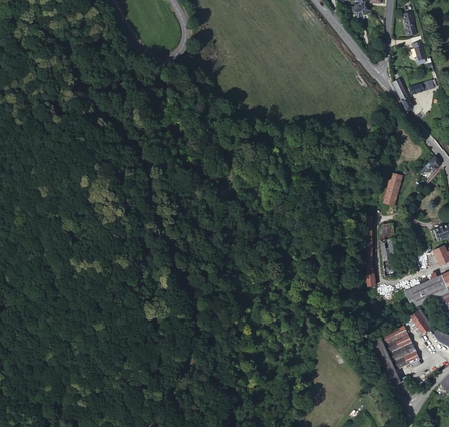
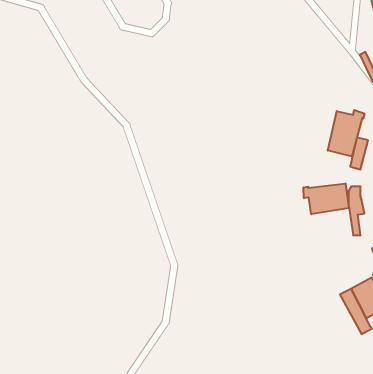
building: none -> [328,110,364,157]
building: none -> [304,183,349,214]

